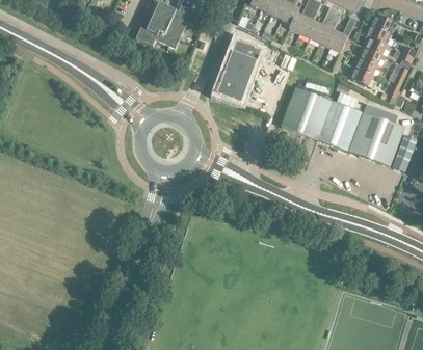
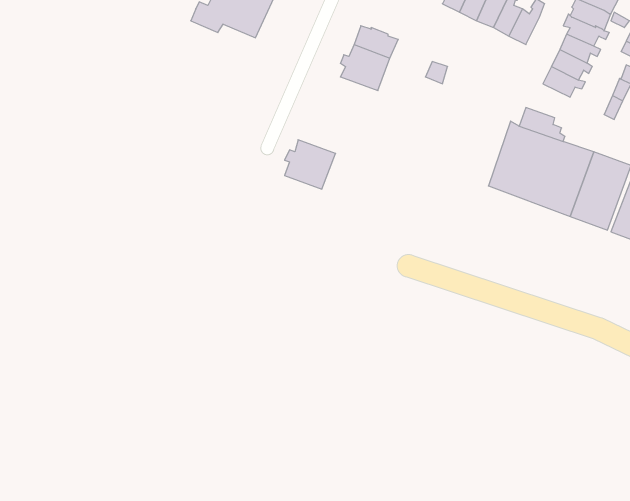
building: [218,72,249,102] -> [285,140,336,189]
building: [282,86,331,138] -> none

